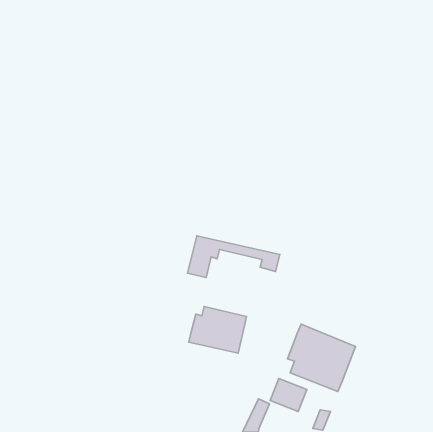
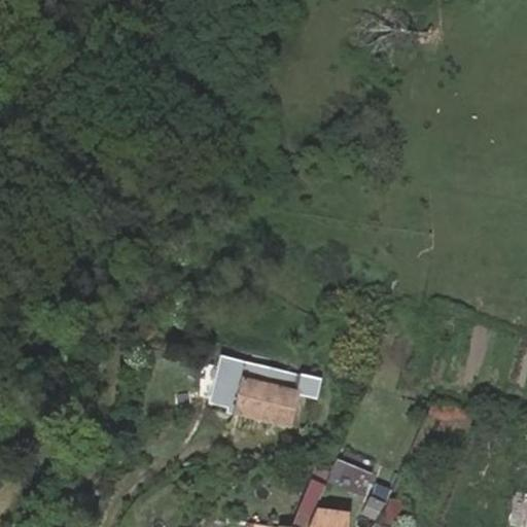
building: [187,236,280,277] -> [209,355,321,406]
building: [288,324,356,391] -> none

